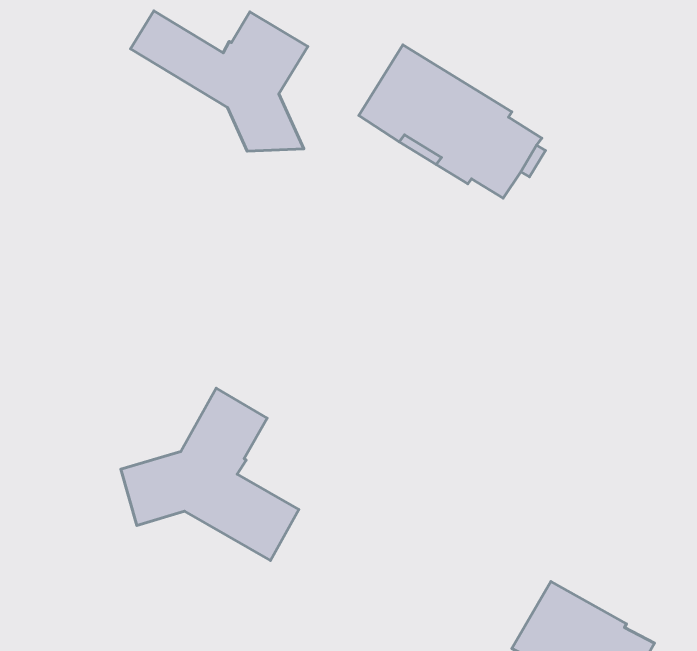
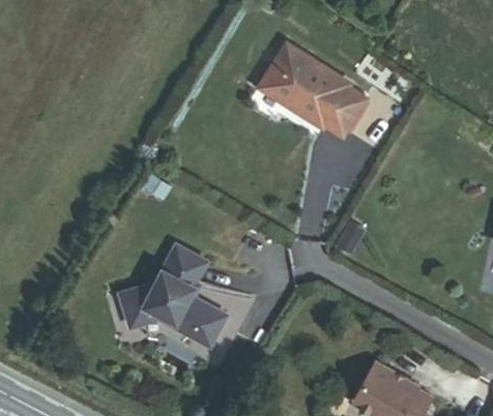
building: [130,11,308,151] -> none

